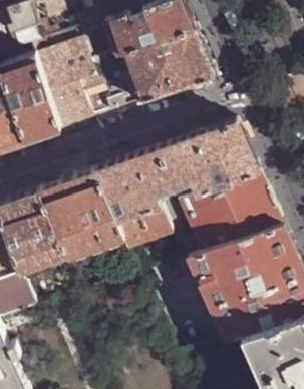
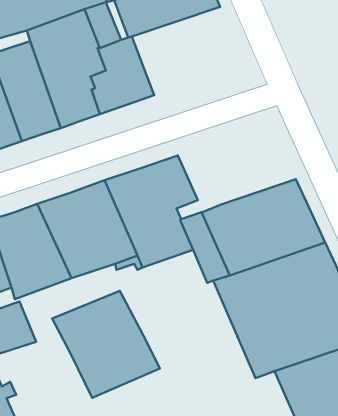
building: [117,27,214,102] -> none
building: [157,125,257,196] -> none
building: none -> [52,291,160,398]

